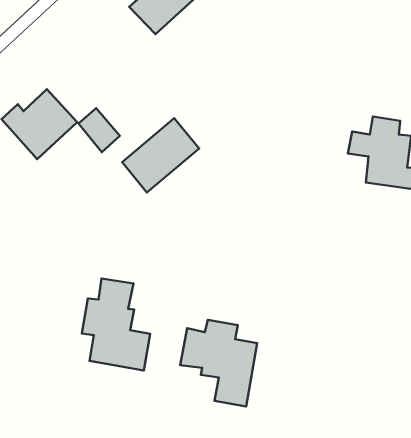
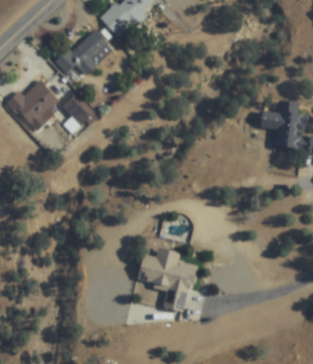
building: [122,118,199,192] -> [56,28,113,82]
building: [82,279,150,370] -> none

